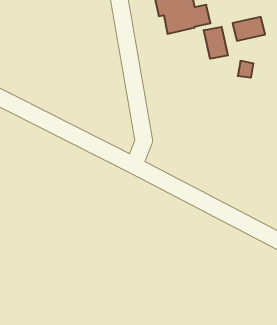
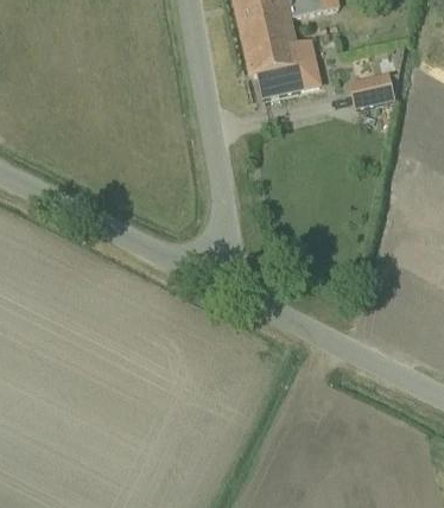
building: [204,27,228,59] -> none

